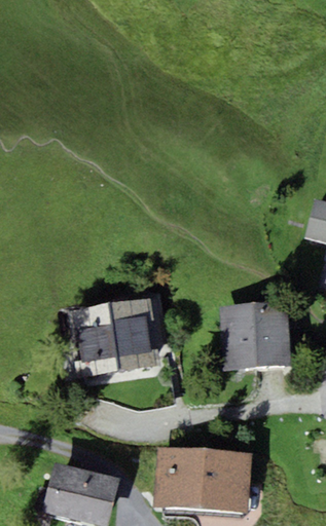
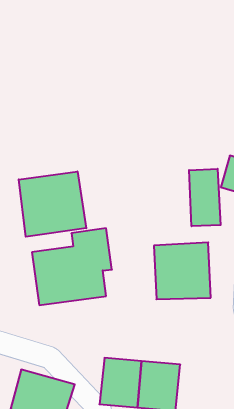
building: none -> [189,169,221,226]
building: none -> [19,171,86,237]

